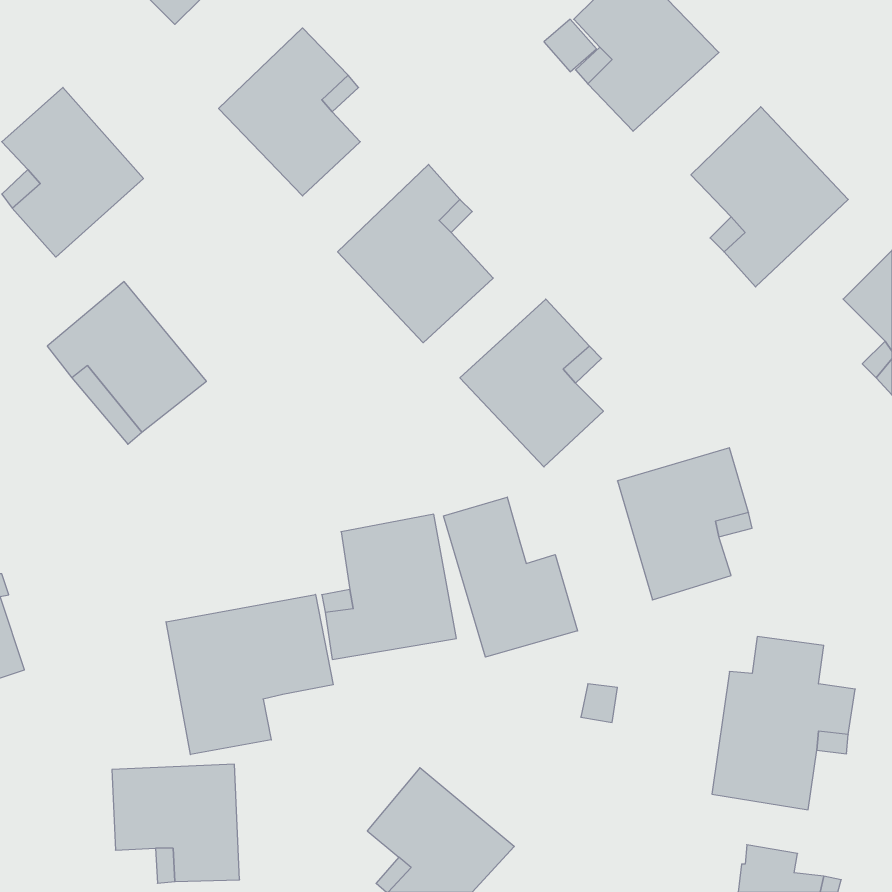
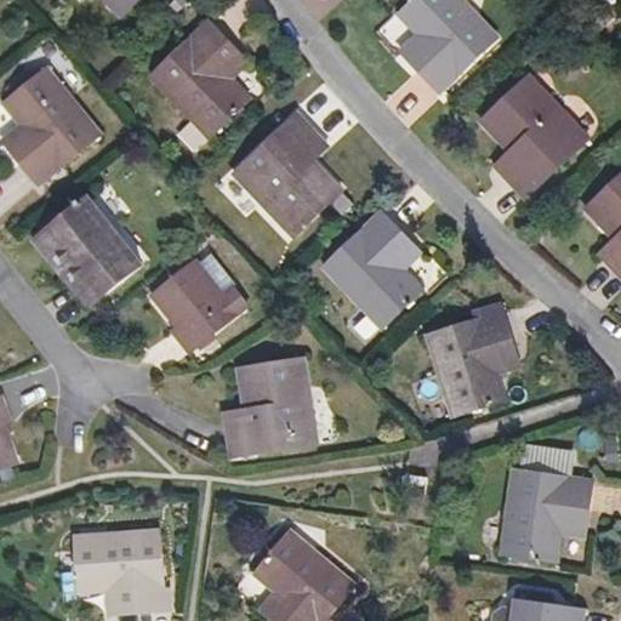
building: none -> [152,250,250,352]
building: [444,497,578,657] -> none
building: [166,594,333,755] -> none

